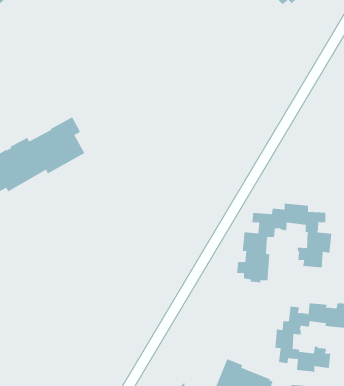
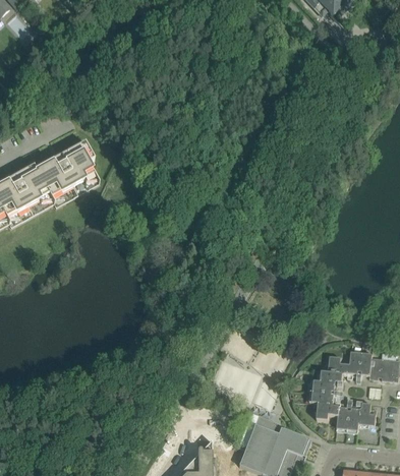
building: [236,203,332,283] -> none

